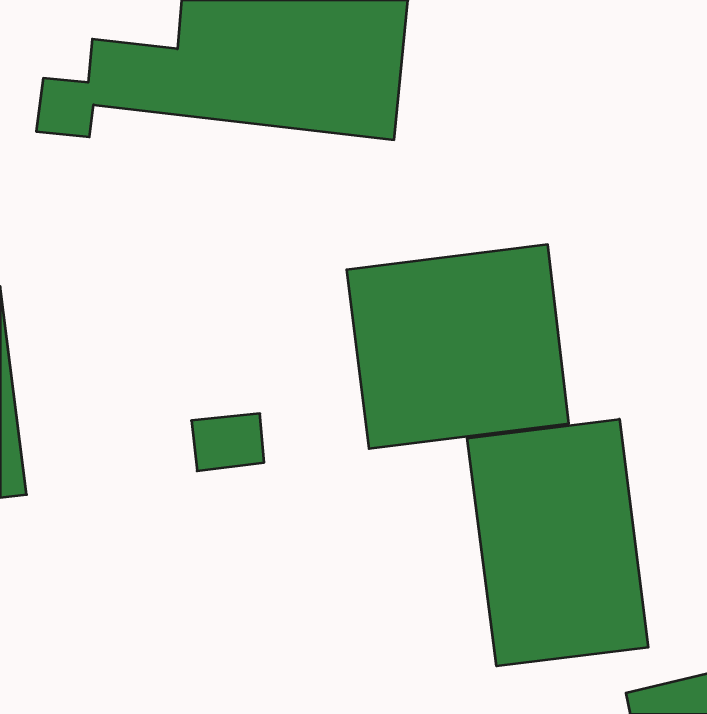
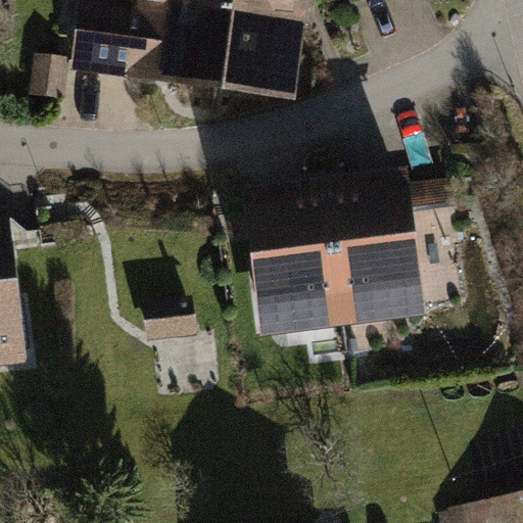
building: [467,419,648,666] -> none

